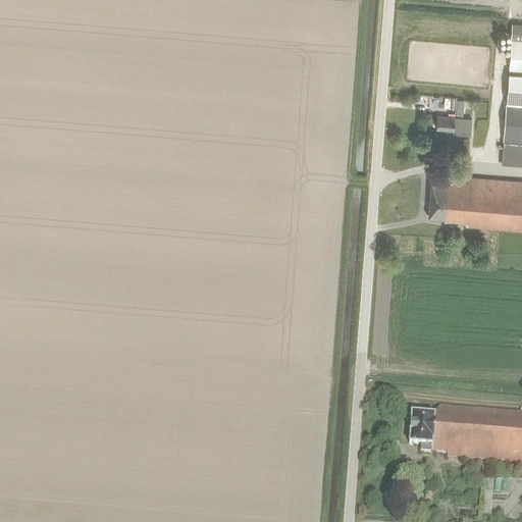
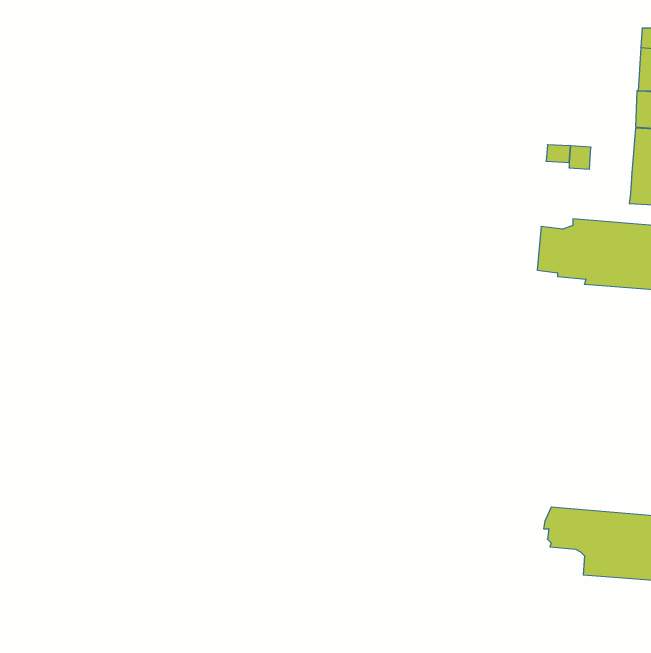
building: [411,413,468,458] -> none

